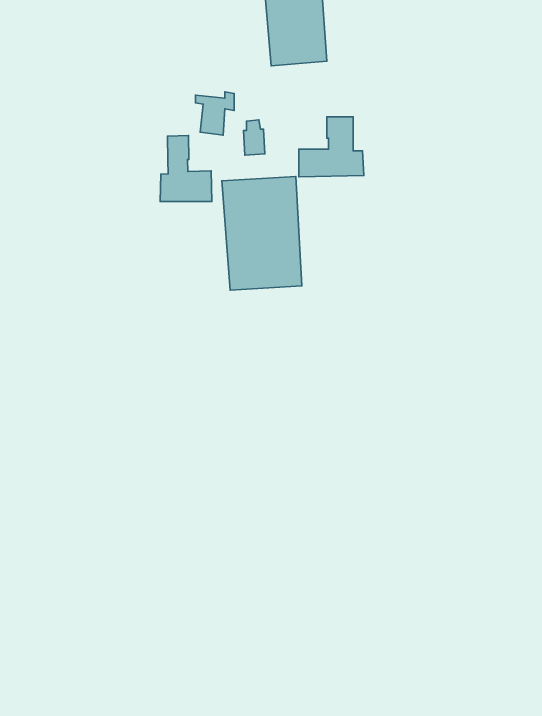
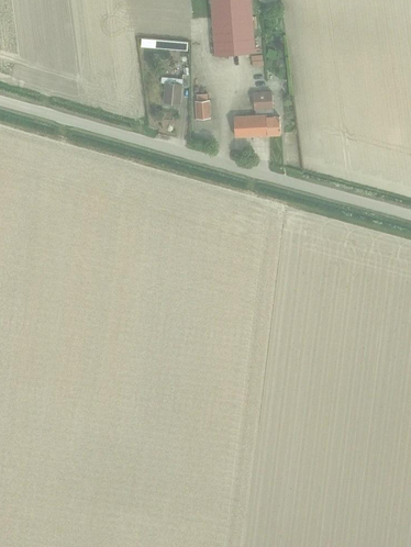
building: [160,136,212,201] -> none
building: [222,176,302,290] -> none

